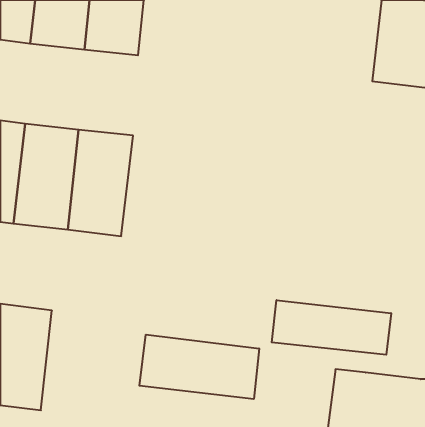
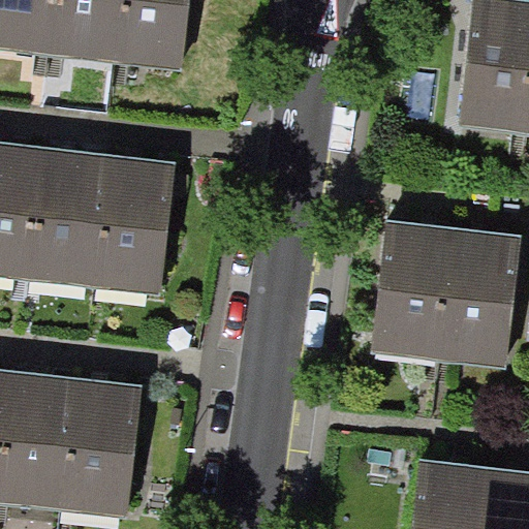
building: none -> [374,218,520,346]
building: [272,300,391,355] -> none
building: none -> [54,384,134,516]
building: [139,335,259,399] -> none

